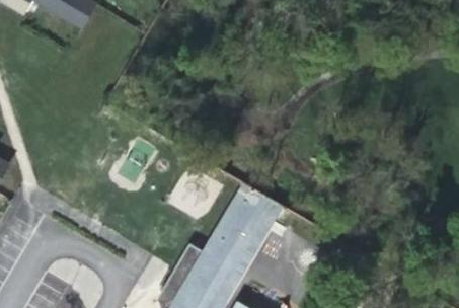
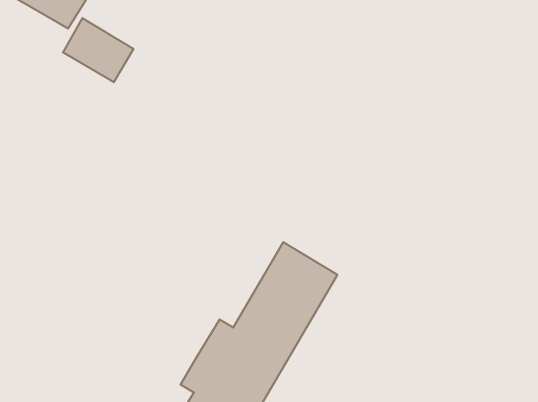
building: none -> [63,18,133,82]

